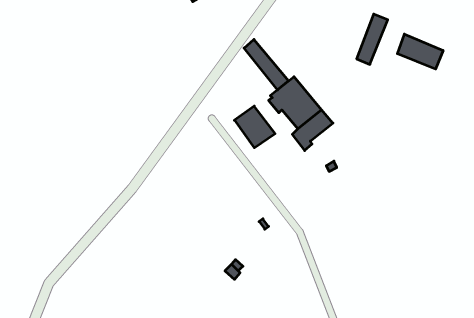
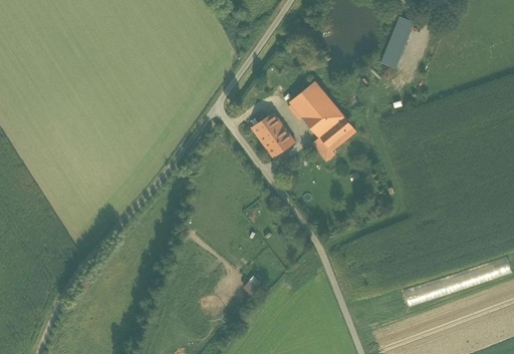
building: [397,34,443,69] -> none
building: [244,39,288,90] -> none

